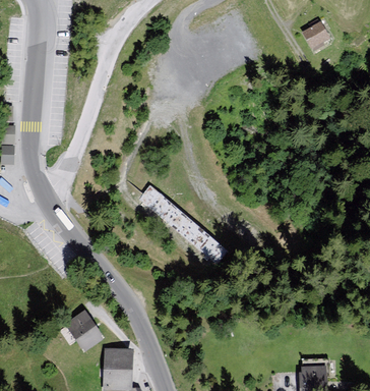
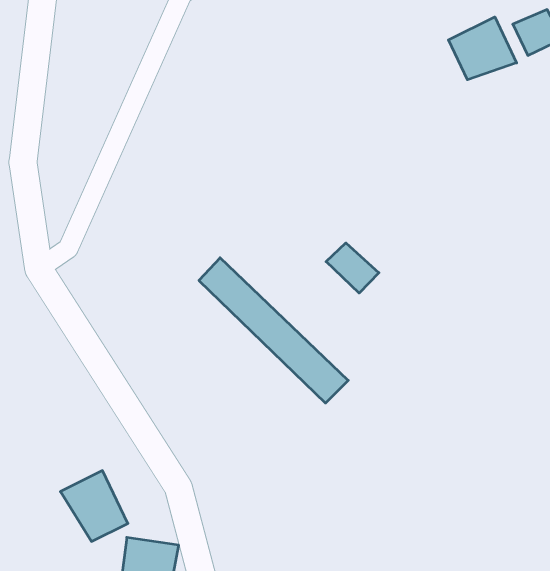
building: none -> [448,17,517,80]
building: none -> [326,243,379,293]

